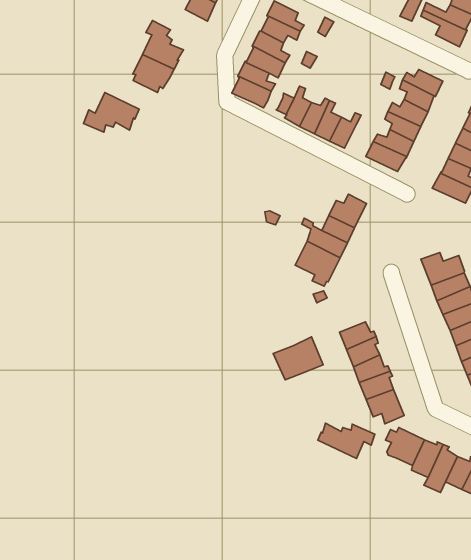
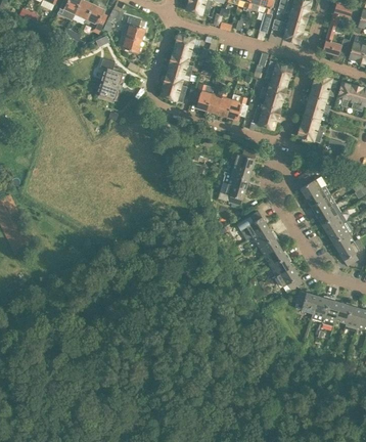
building: [83,92,139,132] -> none
building: [273,337,323,380] -> [235,211,268,240]
building: [318,423,375,459] -> none

